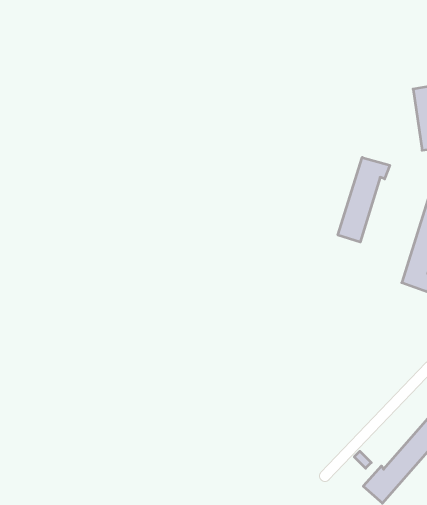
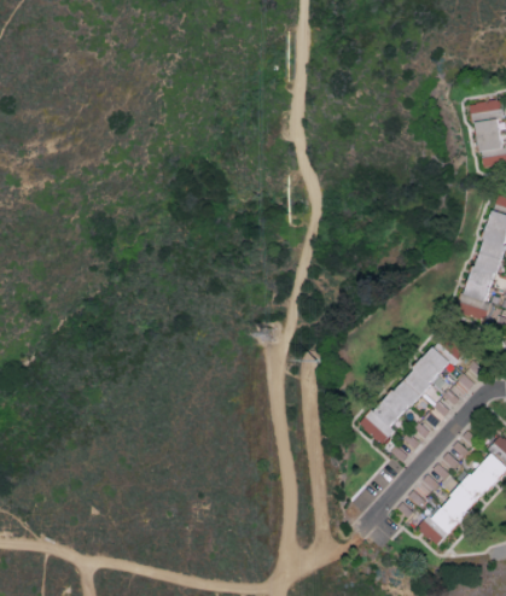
building: [338,157,390,242] -> none
building: none -> [361,345,450,444]

